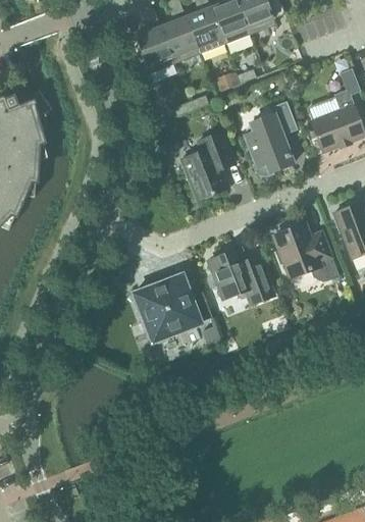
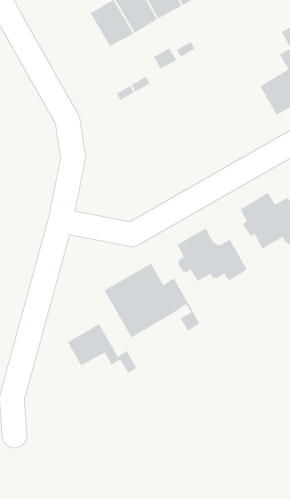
building: [135,25,174,71] -> none
building: [245,101,297,173] -> none
building: [180,129,233,199] -> none
building: none -> [67,323,137,374]

